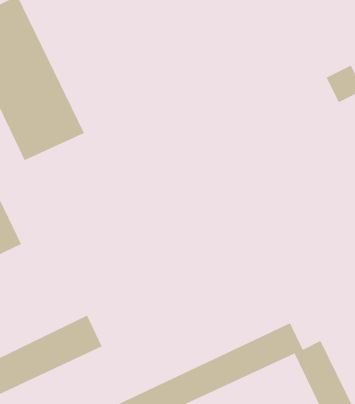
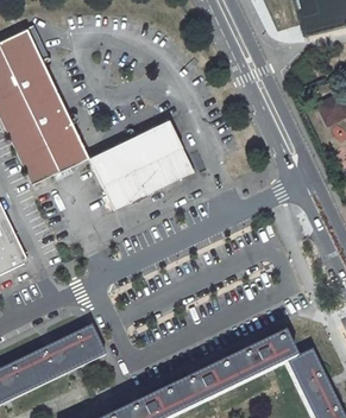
building: none -> [88,116,194,209]

